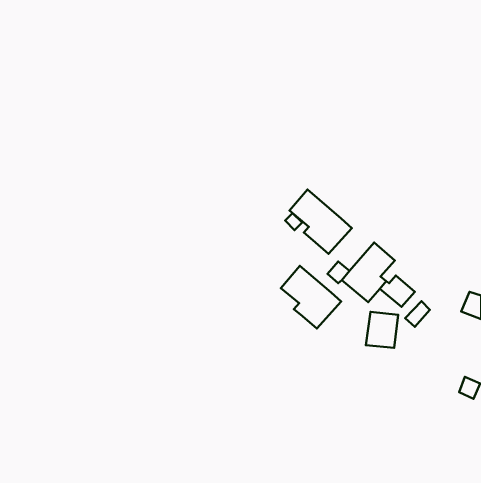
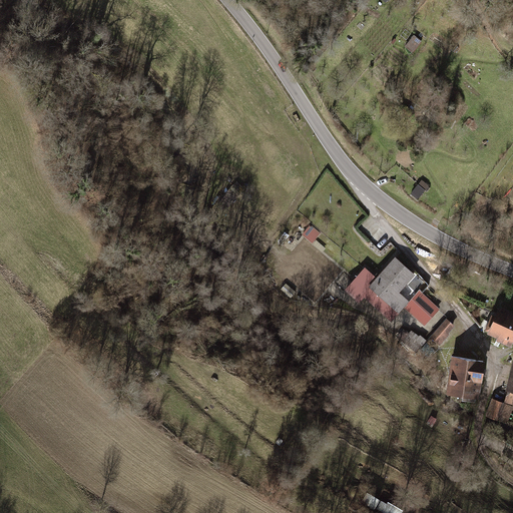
building: [290,190,352,254] -> none
building: [281,266,341,328] -> none
building: [366,312,398,348] -> [446,358,480,396]

